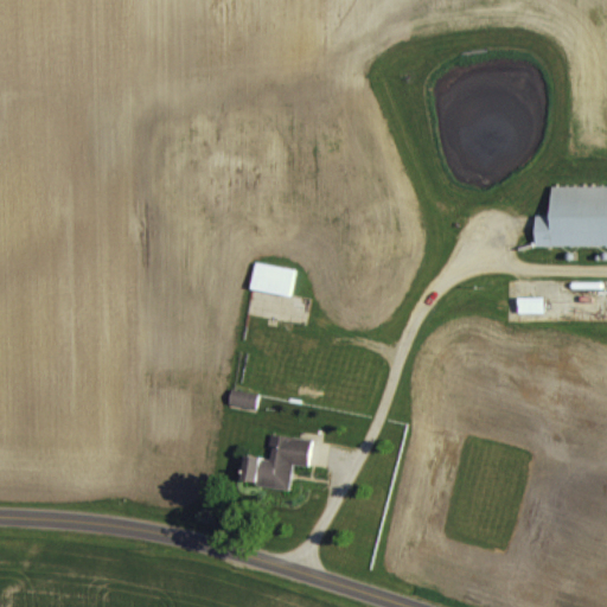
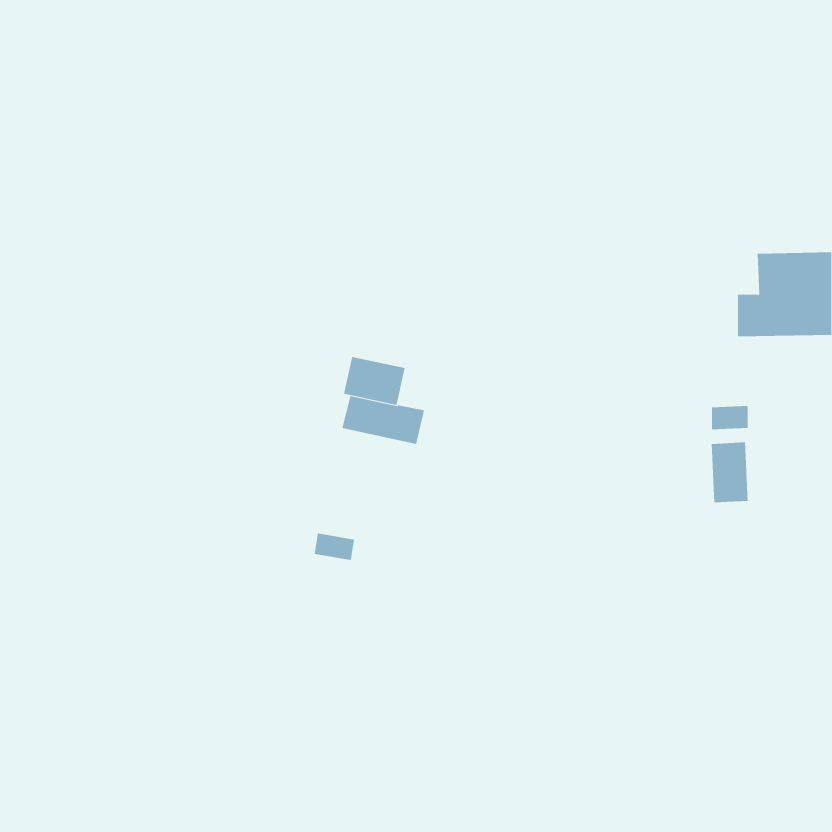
building: none -> [711,442,748,503]
building: [239,434,311,490] -> none

